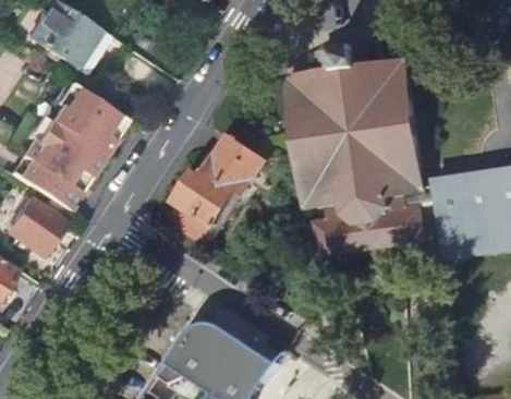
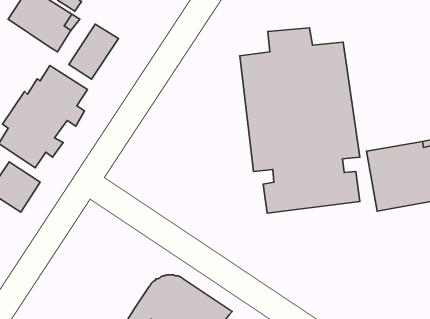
building: none -> [69,24,119,79]
building: [168,135,264,251] -> none

